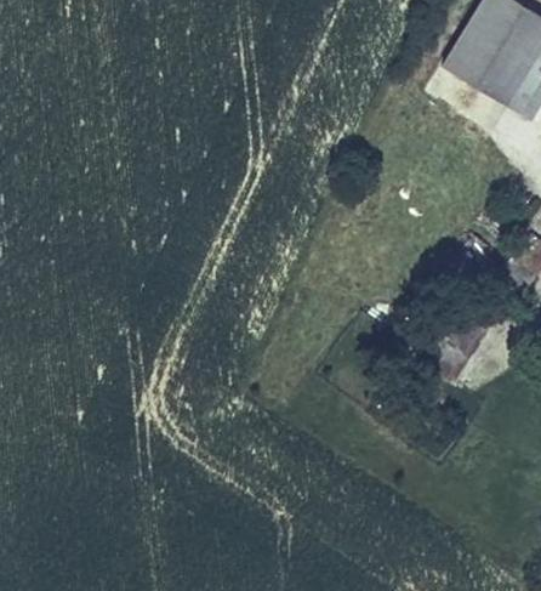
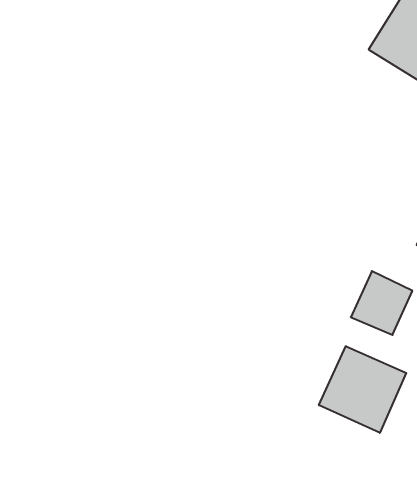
building: none -> [319,346,406,433]

